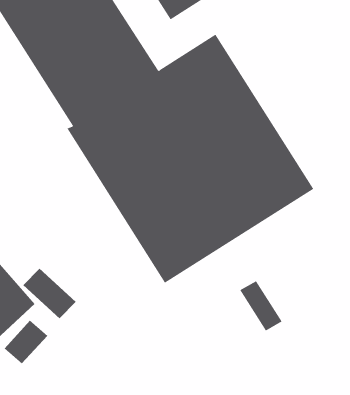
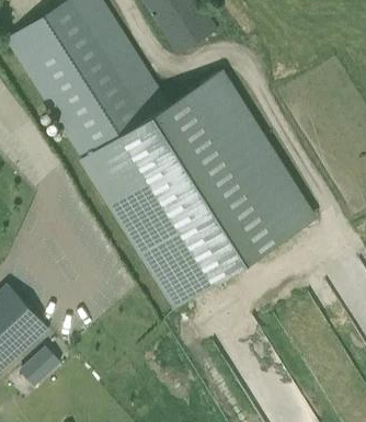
building: [22,268,76,319] -> none
building: [240,280,282,331] -> none

